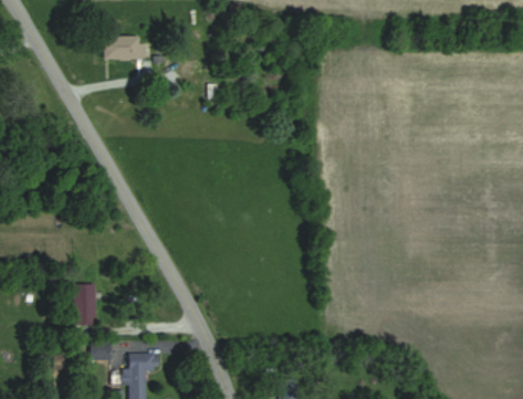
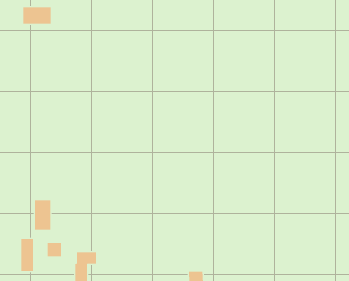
building: [104,36,143,60] -> [22,7,52,24]
building: none -> [21,238,34,272]

